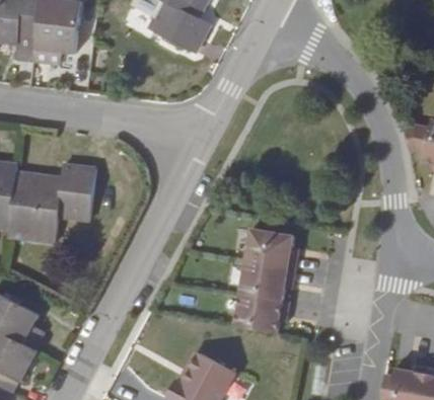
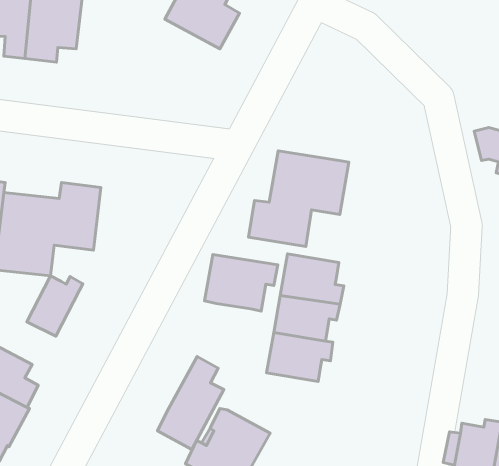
building: none -> [248,151,349,247]
building: none -> [205,255,278,311]
building: none -> [27,276,83,336]
building: none -> [158,357,224,449]

